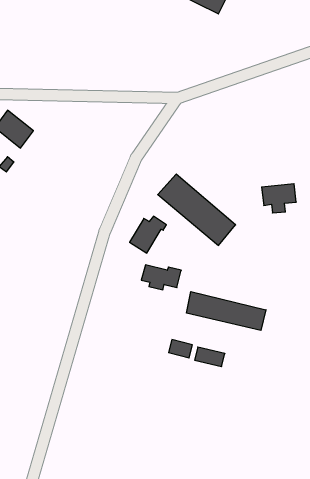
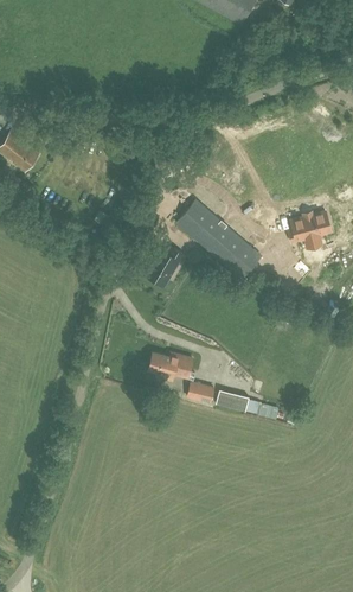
building: [141,265,181,290] -> [149,352,193,380]
building: [187,292,266,330] -> none

